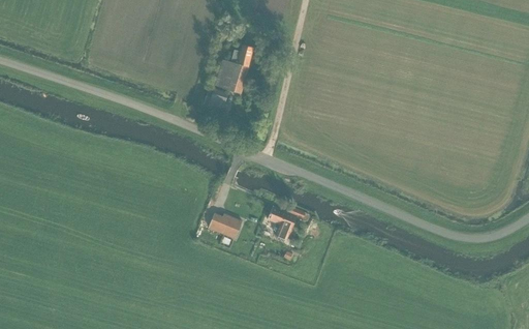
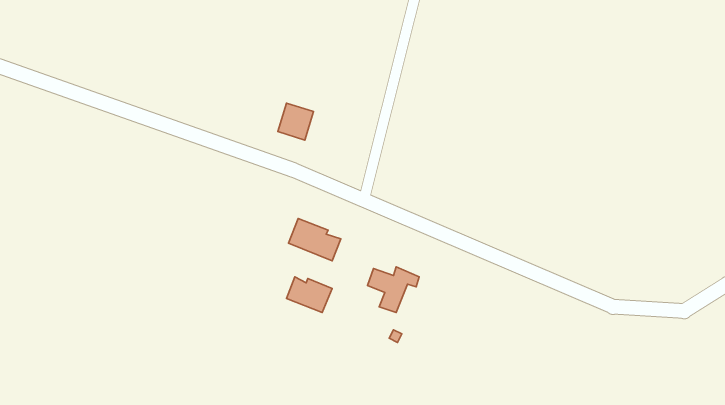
building: [215,44,253,93] -> none
building: none -> [288,218,341,261]

